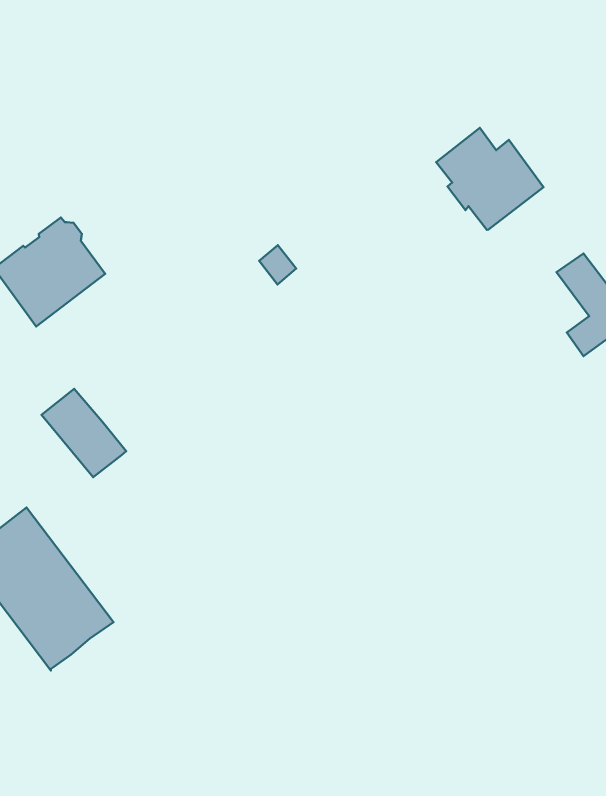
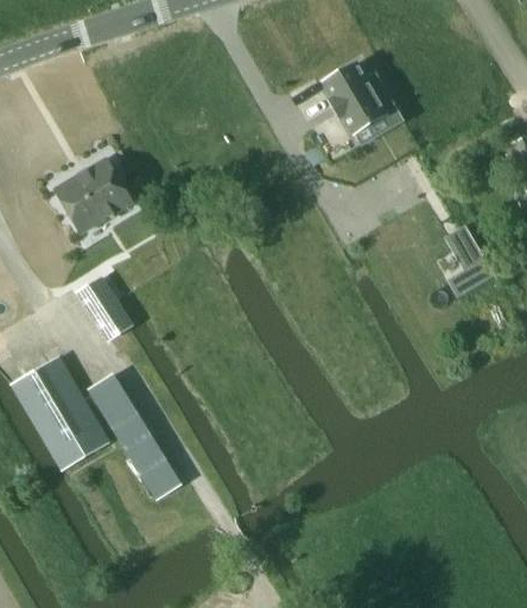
building: [436,128,543,230] -> [323,62,395,133]
building: none -> [88,374,180,499]

